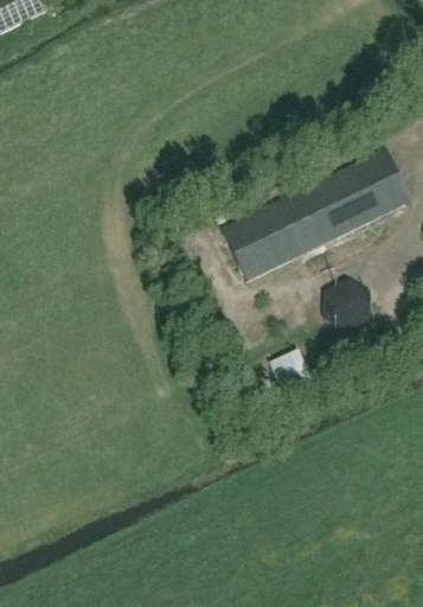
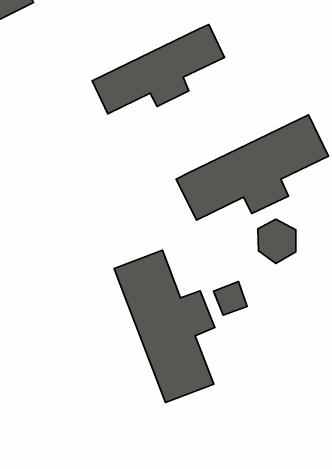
building: none -> [92,25,225,114]
building: none -> [114,250,215,403]

